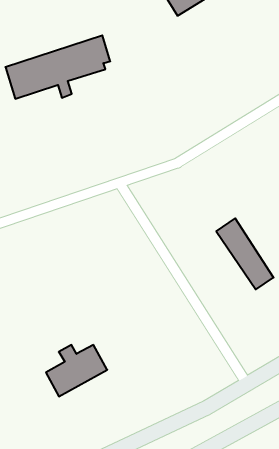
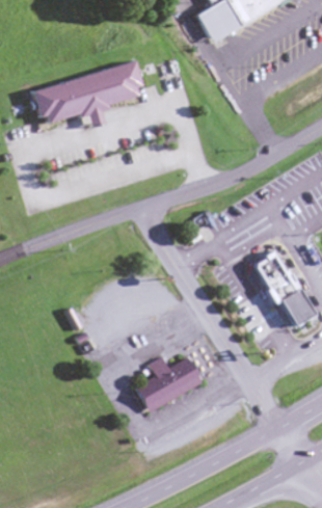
building: [46,345,107,396] -> [135,357,199,411]

